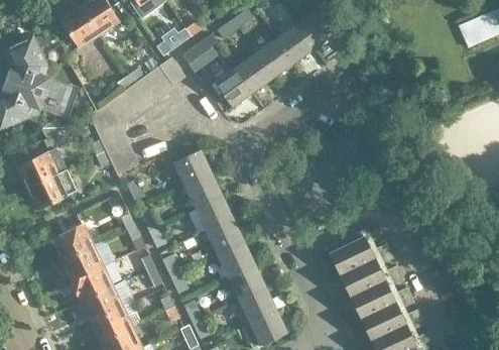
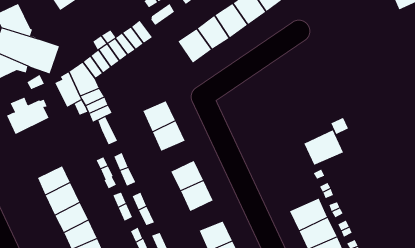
building: [28,170,77,210] -> none
building: [196,197,234,232] -> none
building: [331,236,377,277] -> [303,130,344,166]
building: [229,265,267,300] -> none

